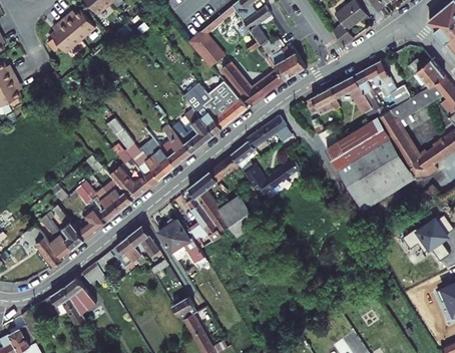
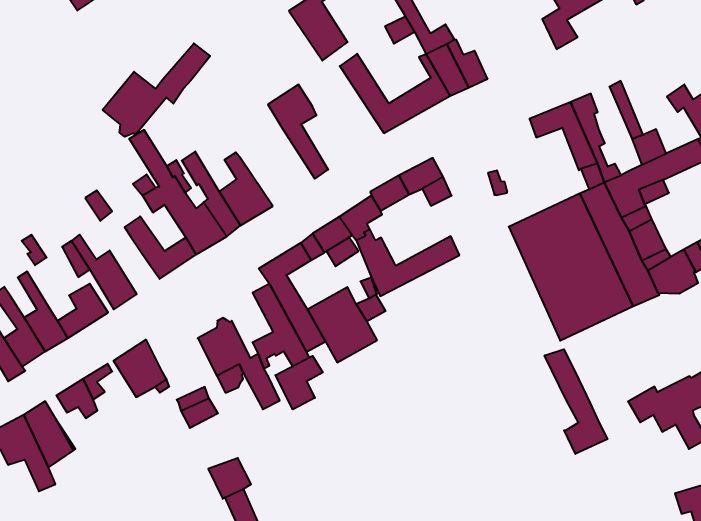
building: [365,64,391,96] -> none
building: none -> [103,43,210,137]
building: [203,81,247,128] -> none
building: [307,87,341,114] -> none
building: [171,108,214,152] -> none
building: [103,179,133,211] -> none
building: none -> [545,349,608,454]
building: [129,225,159,257] -> none
building: none -> [275,356,323,409]

